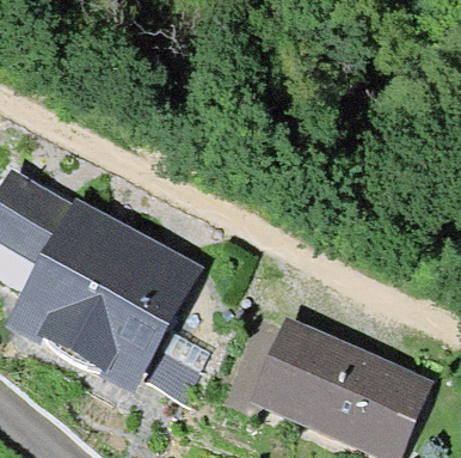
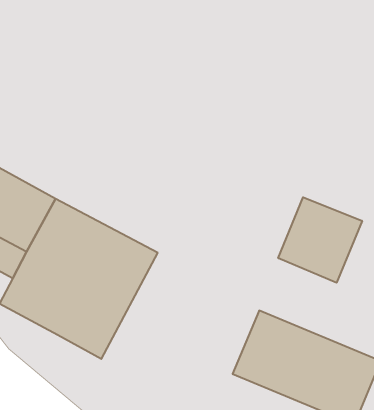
building: none -> [278,197,362,283]

